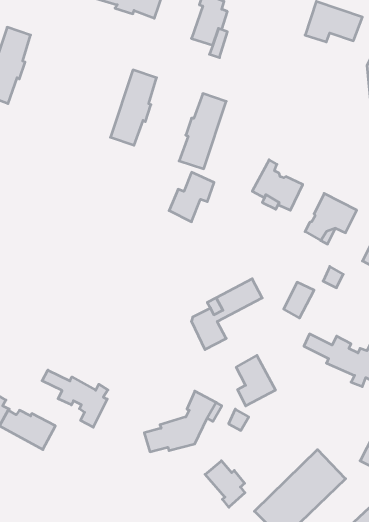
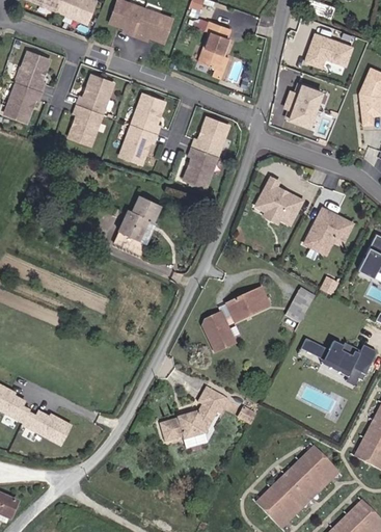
building: none -> [72,76,114,147]
building: none -> [282,81,326,129]
building: [169,172,214,222] -> [116,195,158,241]
building: [236,355,275,406] -> none
building: [42,370,108,427] -> none
building: [205,461,245,507] -> none

